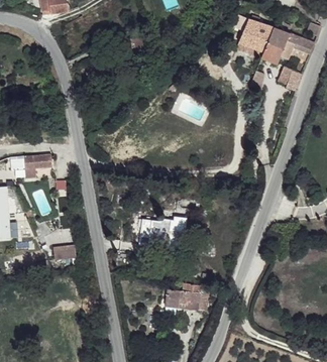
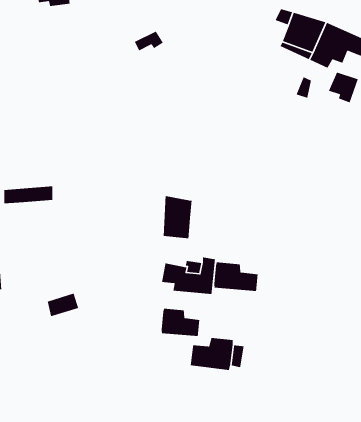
building: none -> [163,195,193,239]
building: none -> [214,262,259,292]
building: none -> [161,308,200,337]

